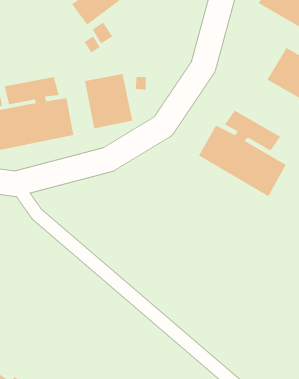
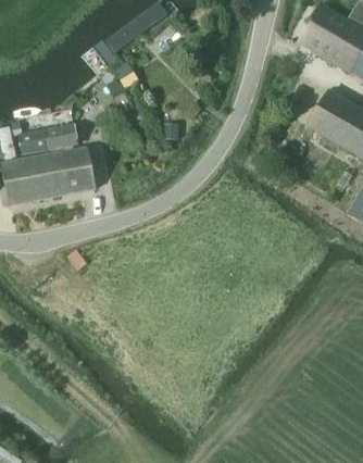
building: [85,73,133,129] -> none
building: [198,110,287,197] -> none

